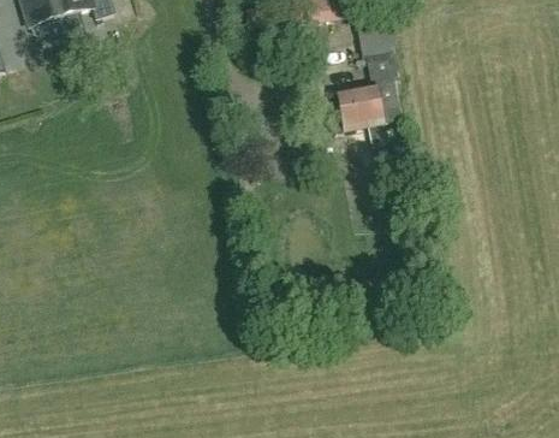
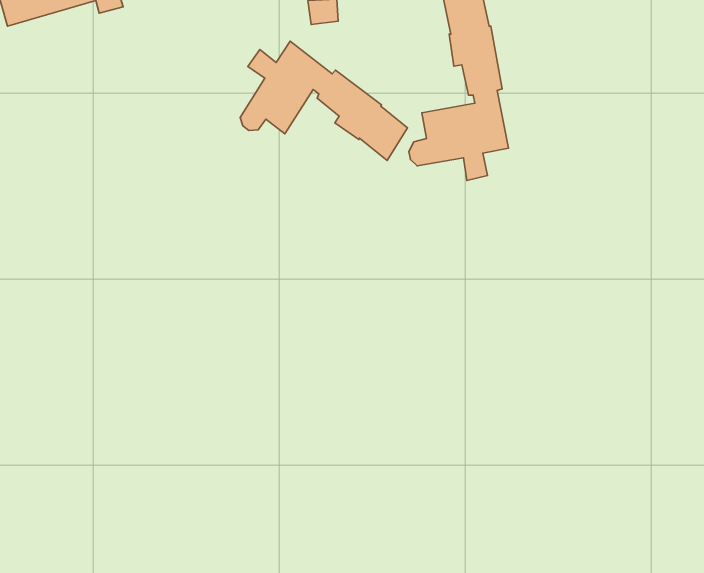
building: none -> [240,41,407,160]

